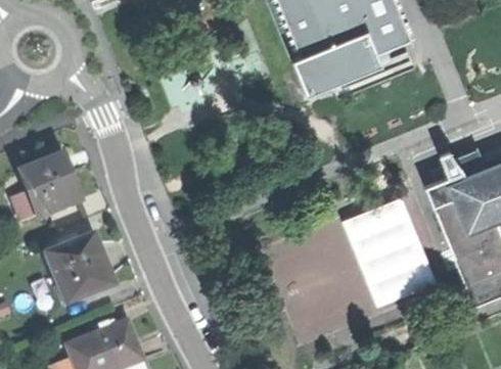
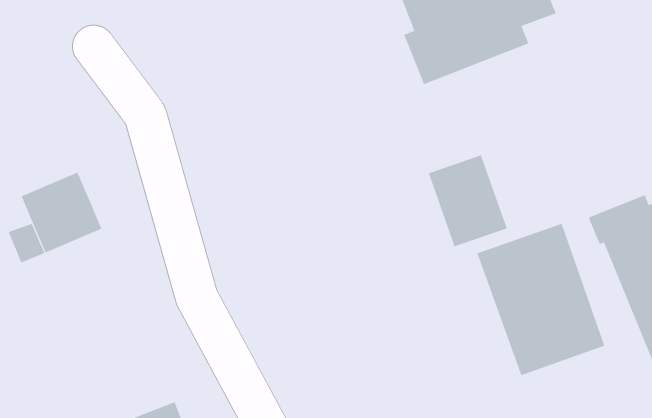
building: none -> [428,154,507,247]
building: [46,235,111,301] -> none

